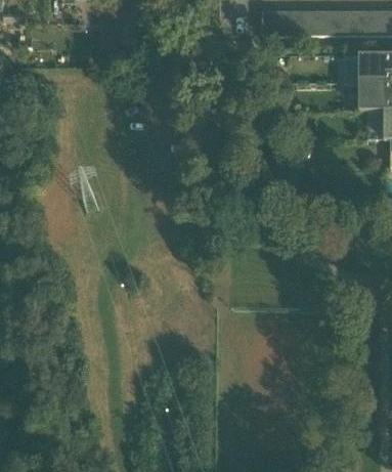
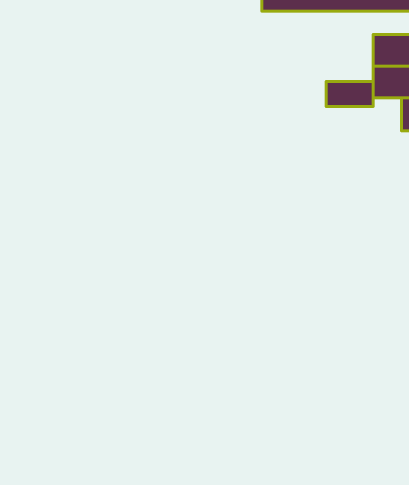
building: none -> [326,82,373,107]

